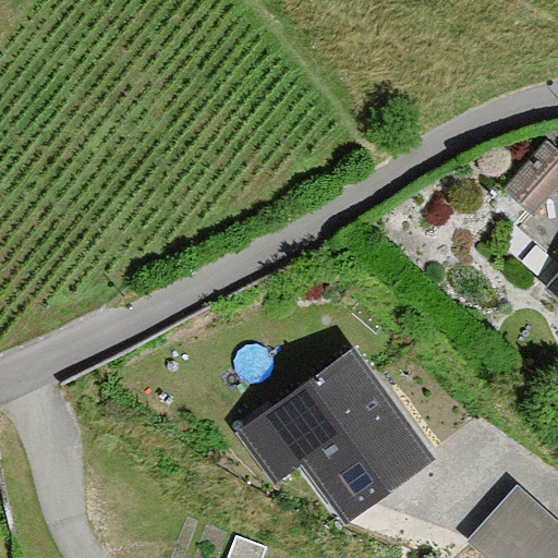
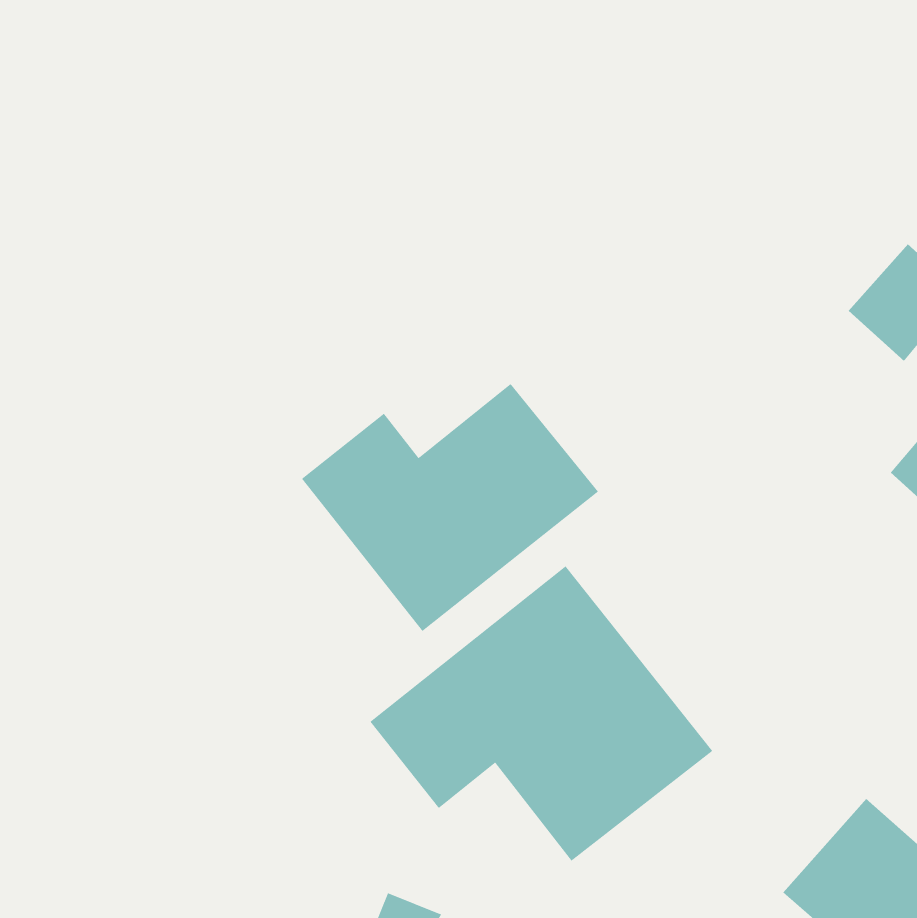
building: none -> [301,383,599,632]

